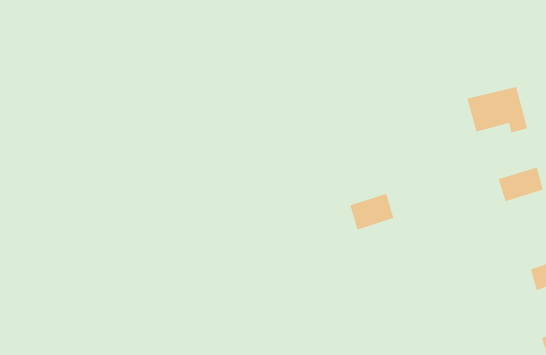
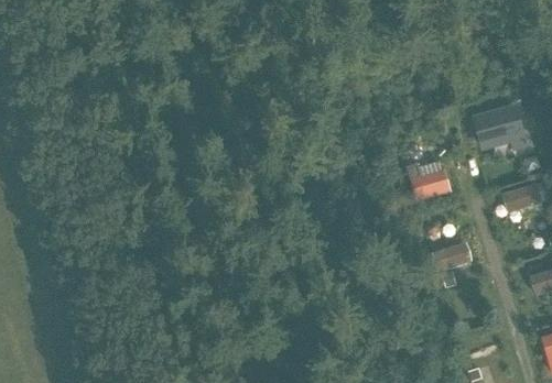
building: [349,193,394,230] -> [411,166,452,200]
building: none -> [433,241,473,270]

